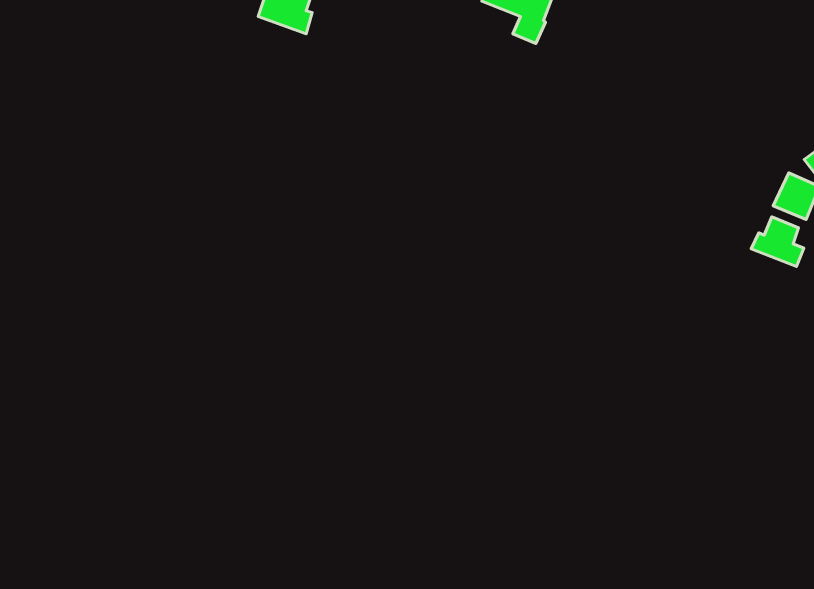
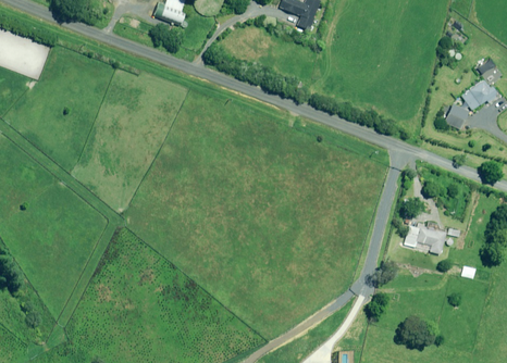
building: [751,217,804,266] -> none
building: none -> [416,226,446,253]

